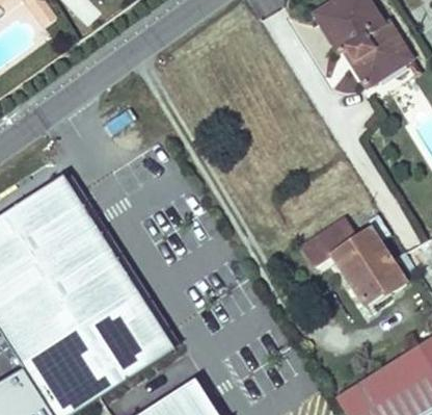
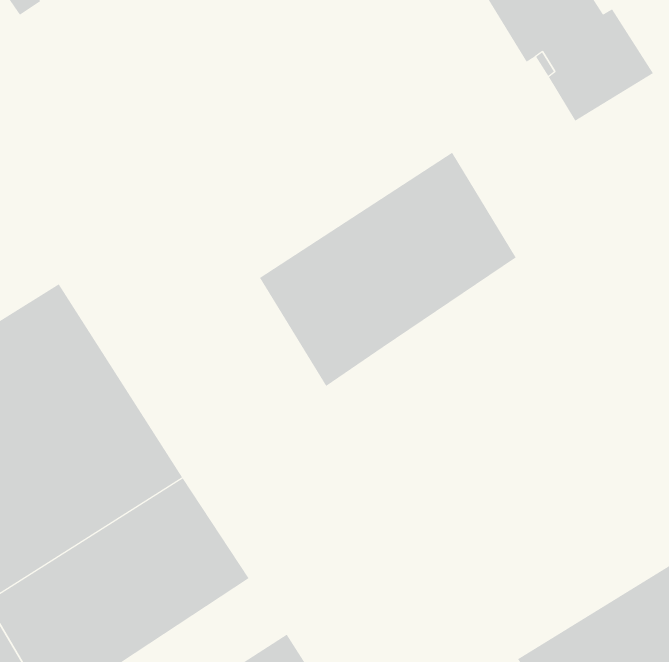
building: none -> [259,152,517,387]
building: [300,218,405,309] -> none

